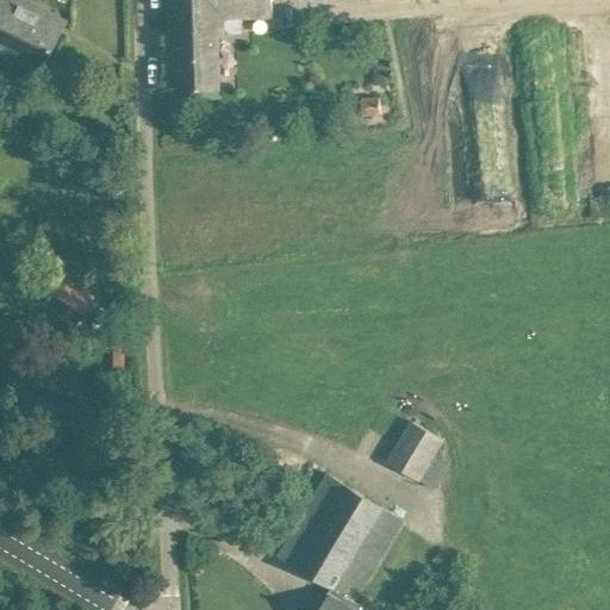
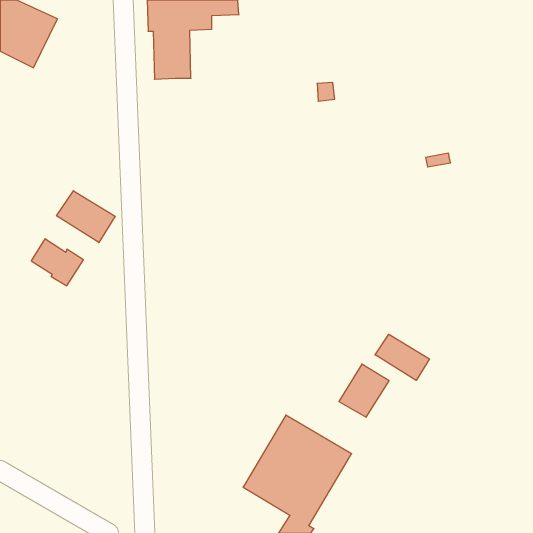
building: none -> [57,191,115,243]
building: none -> [375,334,430,380]

